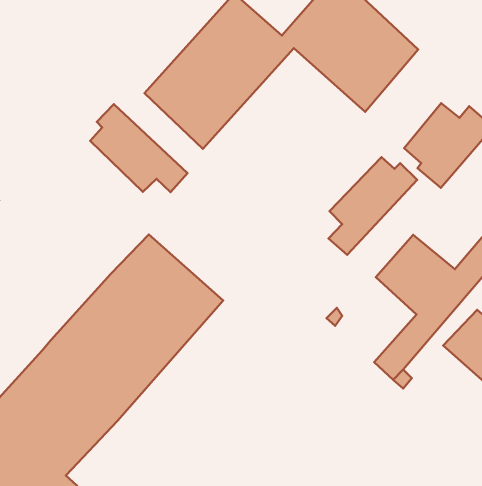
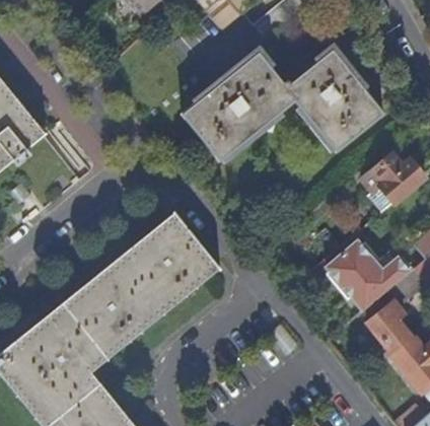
building: [90,104,187,192] -> none
building: [329,157,417,255] -> none

